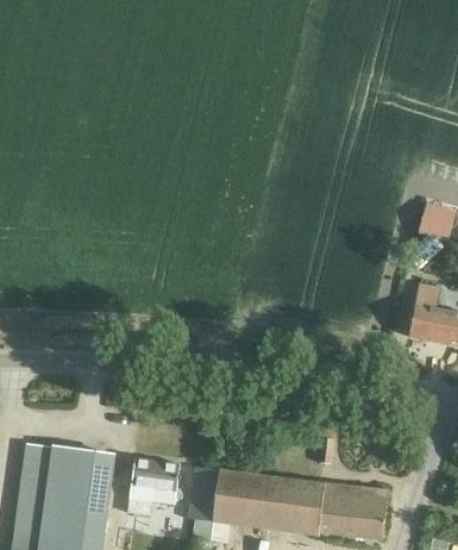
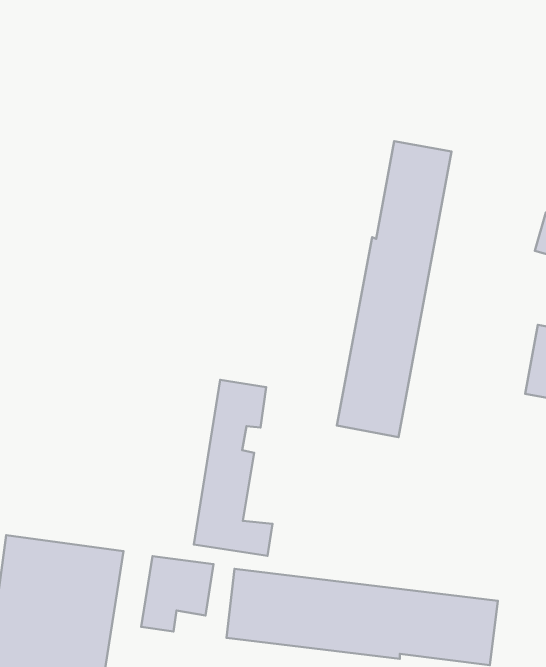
building: none -> [337,141,452,437]
building: none -> [194,380,272,556]

